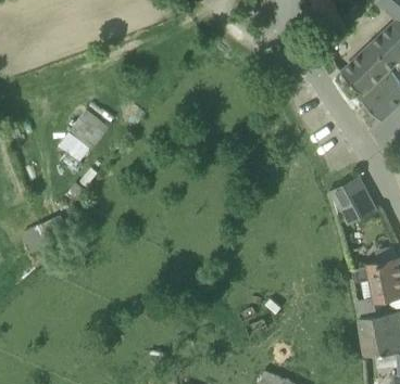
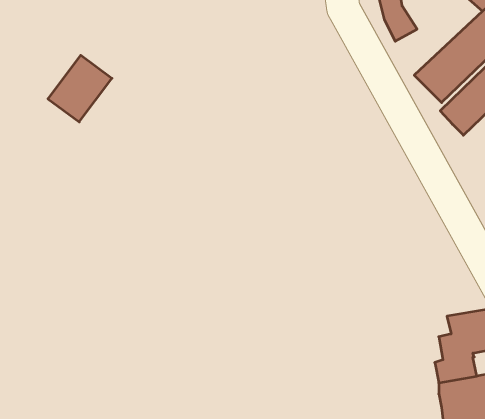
building: [59,111,110,164] -> [48,55,112,122]
building: [332,178,375,223] -> none

